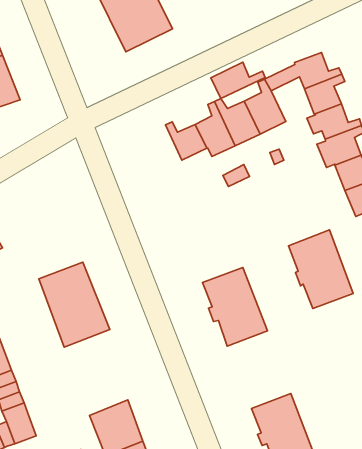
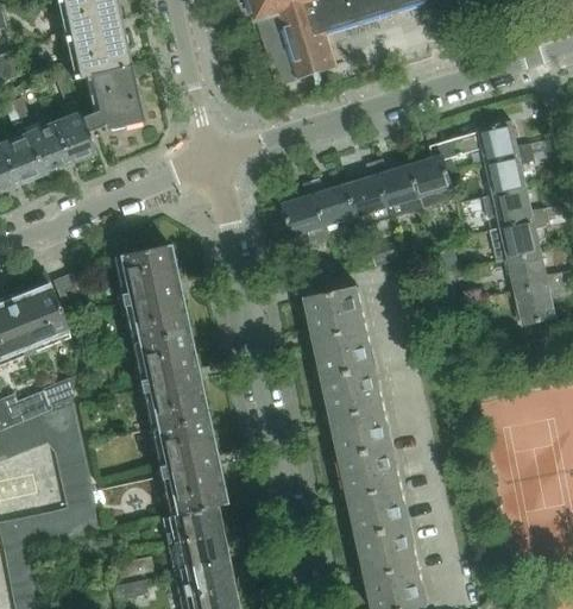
building: [211,62,265,99] -> none
building: none -> [284,181,325,236]
building: none -> [113,245,187,343]
building: [288,230,353,309] -> [309,285,378,377]
building: none -> [149,416,226,516]
building: none -> [345,447,413,538]

